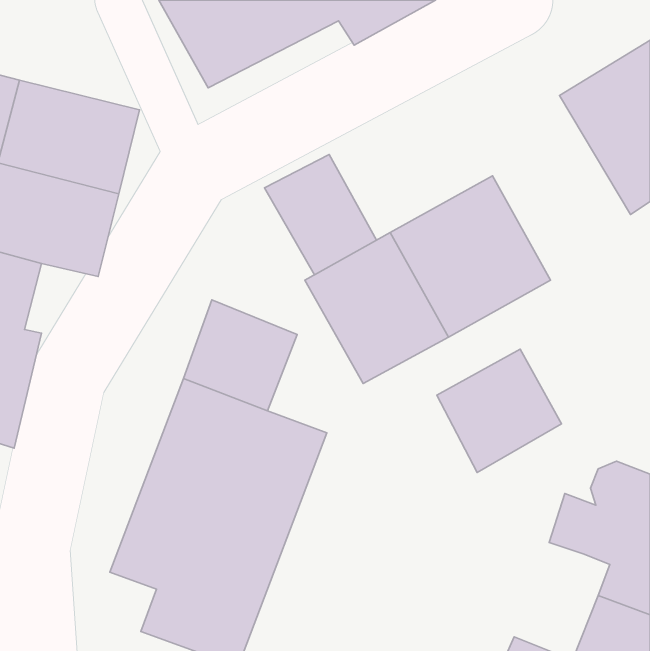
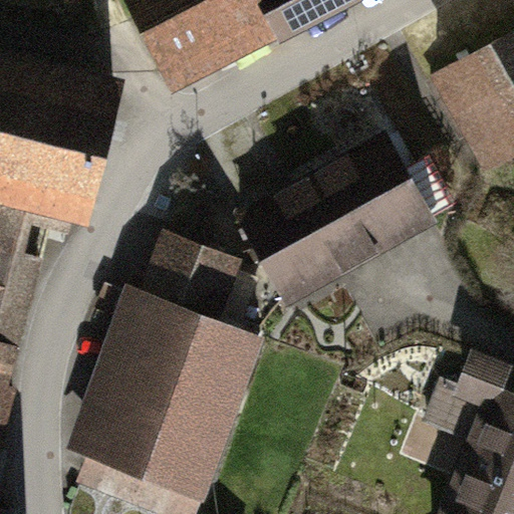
building: [265,155,377,275] -> none
building: [437,349,562,473] -> none

